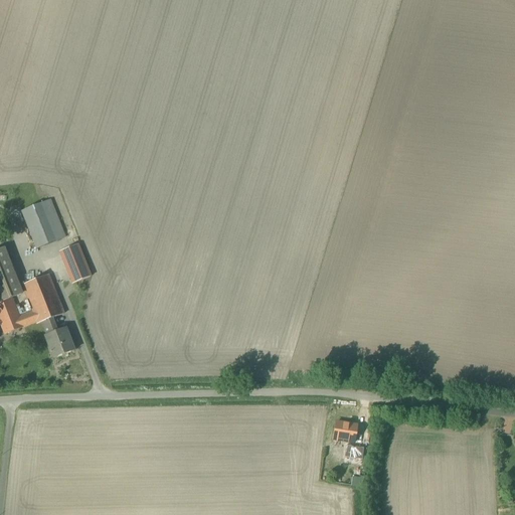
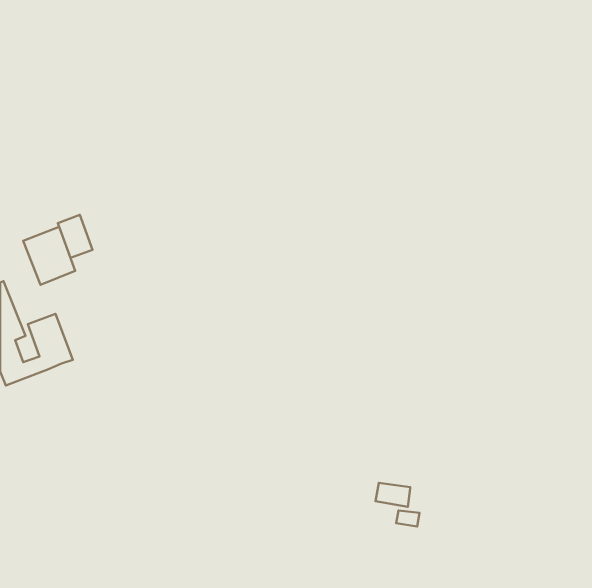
building: [60,243,91,281] -> [58,215,93,258]
building: [42,316,77,359] -> none

